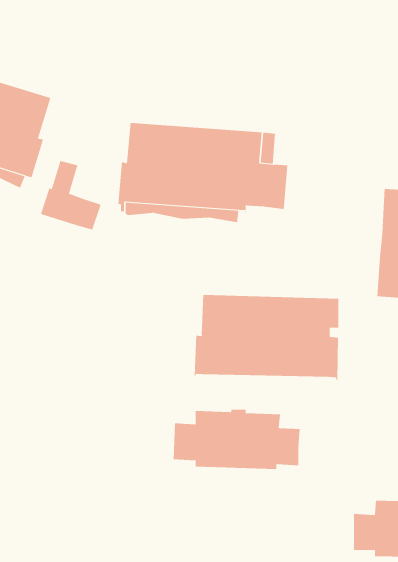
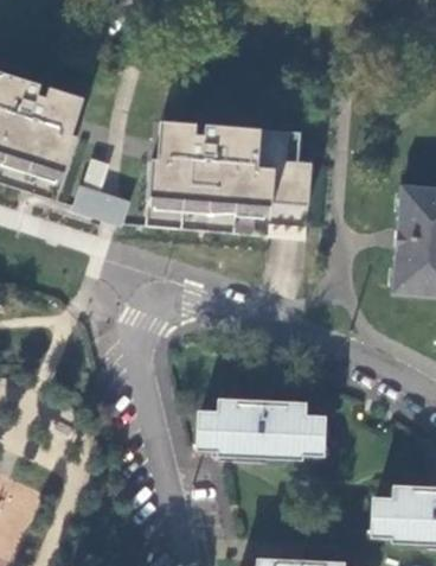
building: [194,294,339,381] -> none

